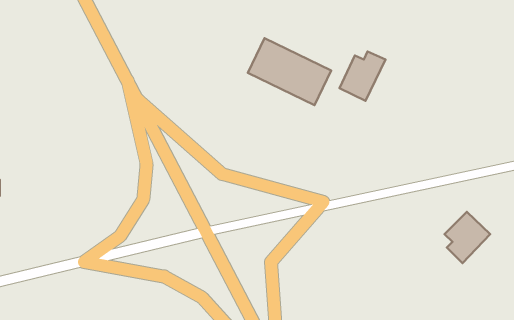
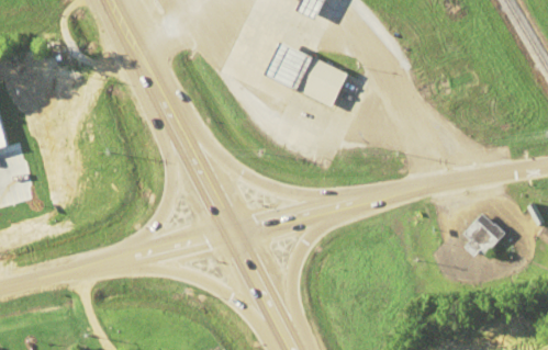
building: [340,51,385,101] -> none

